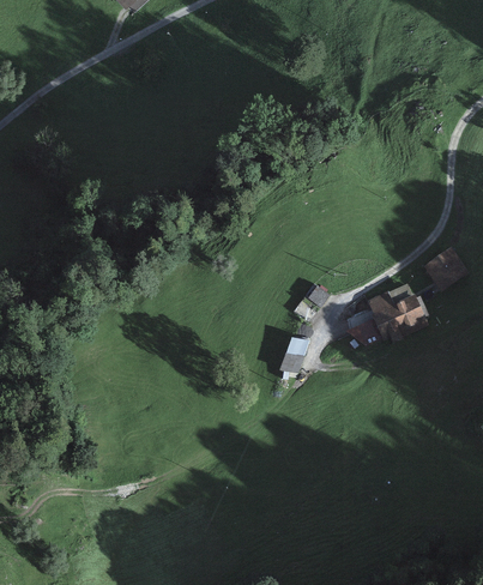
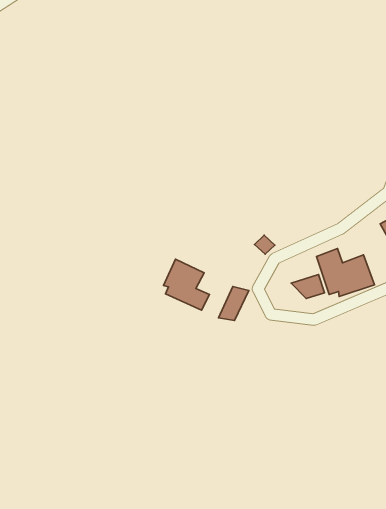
building: none -> [163,259,210,310]

